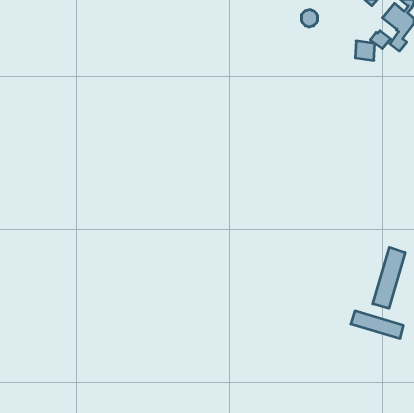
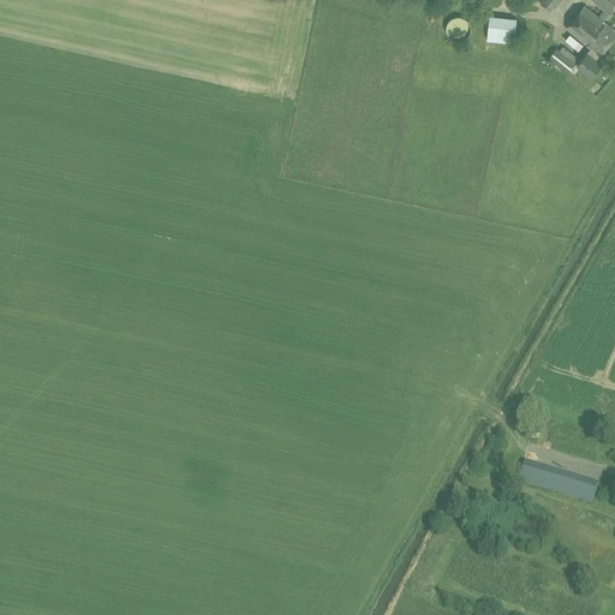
building: [355,41,375,60] -> [486,13,515,42]
building: [373,247,405,308] -> none

